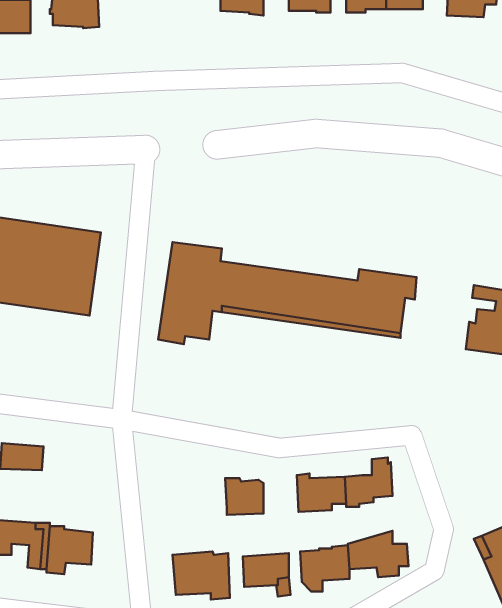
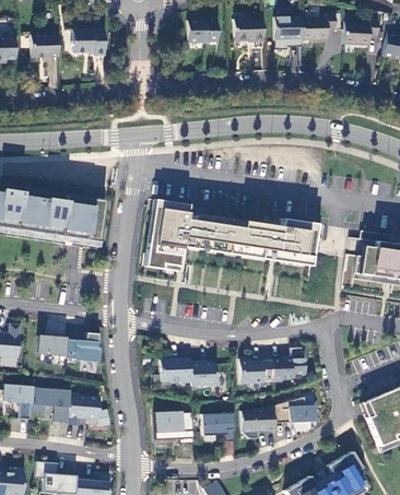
building: none -> [66,332,99,363]
building: none -> [161,351,192,382]

